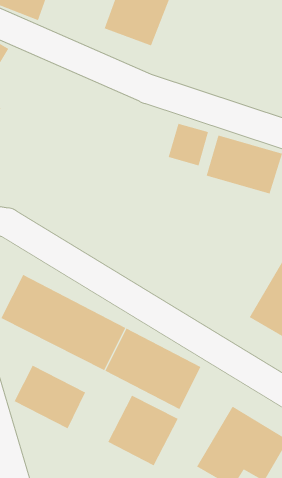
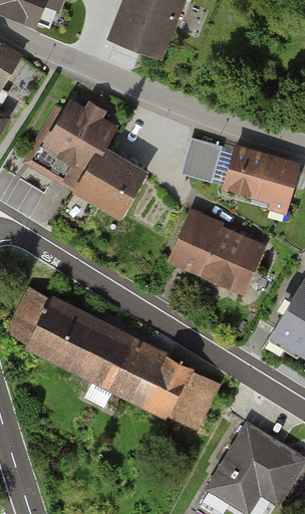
building: none -> [40,105,147,213]
building: none -> [168,214,264,291]
building: [14,365,86,429] -> none
building: [107,395,179,466] -> none

